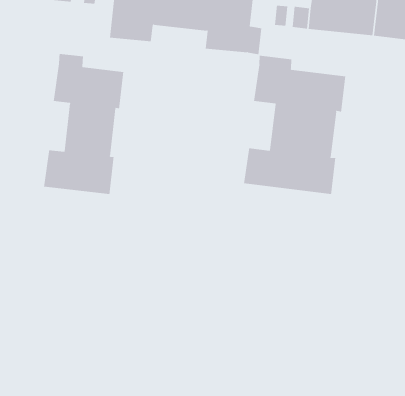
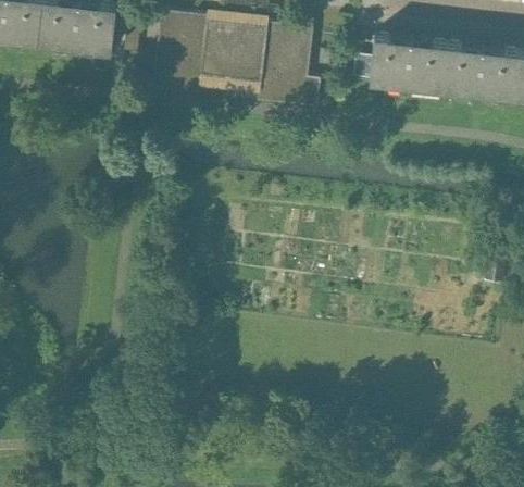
building: [44,53,124,195] -> none
building: [243,55,346,195] -> none

